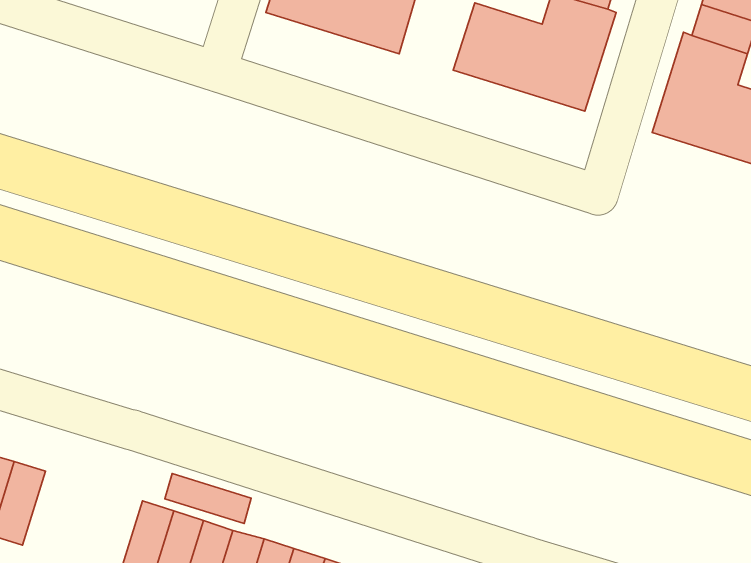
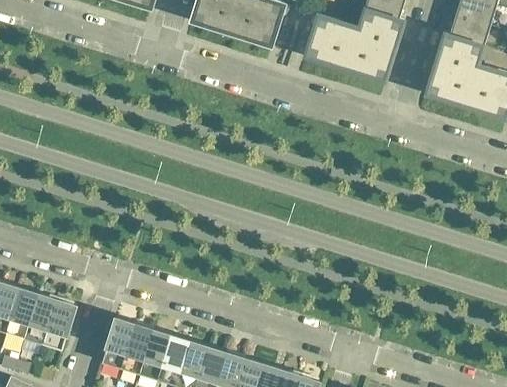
building: none -> [43,299,76,350]
building: [165,473,251,524] -> none

